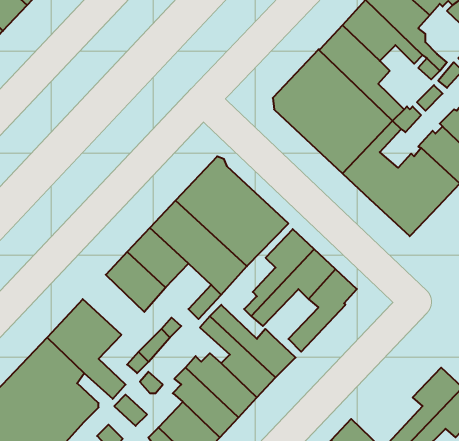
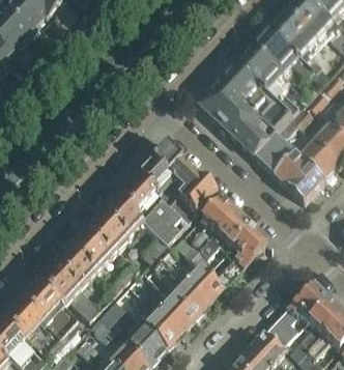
building: none -> [67,229,112,273]
building: none -> [266,283,327,344]

